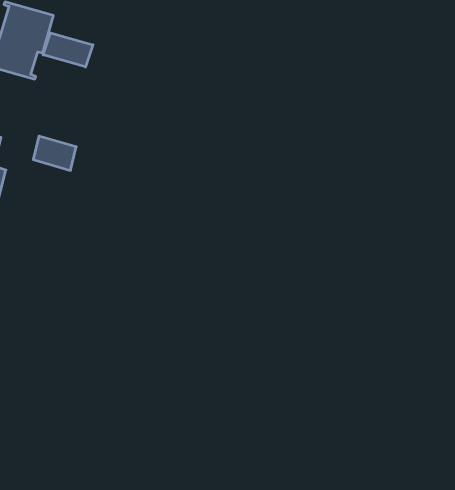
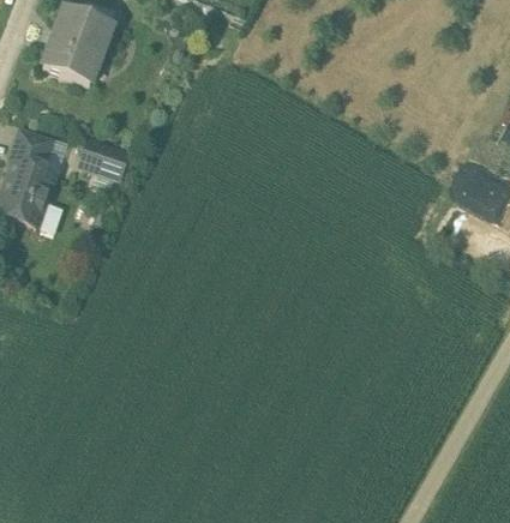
building: [43,33,93,67] -> none

